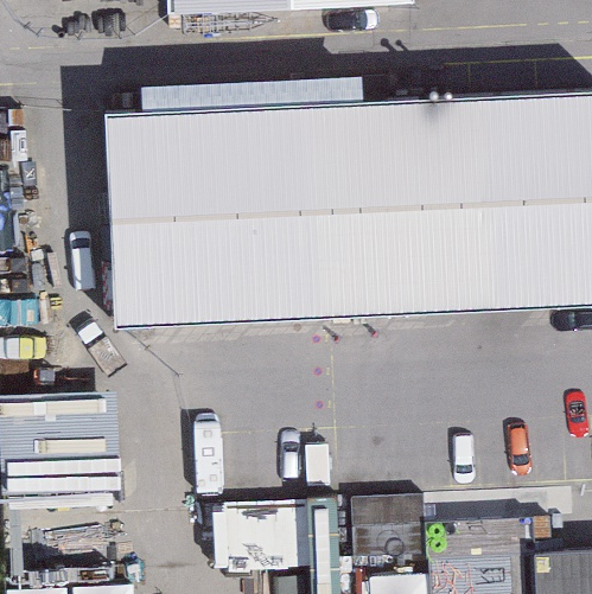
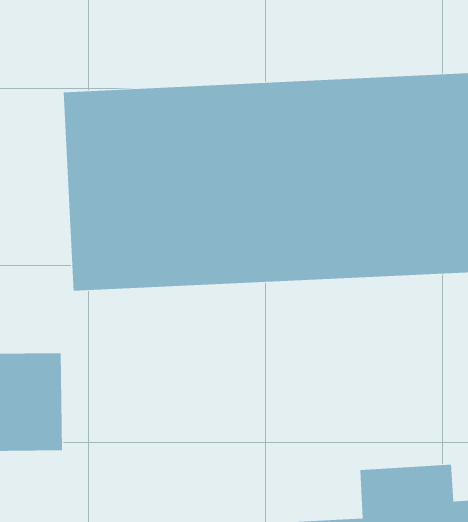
building: [214,488,428,564] -> none

